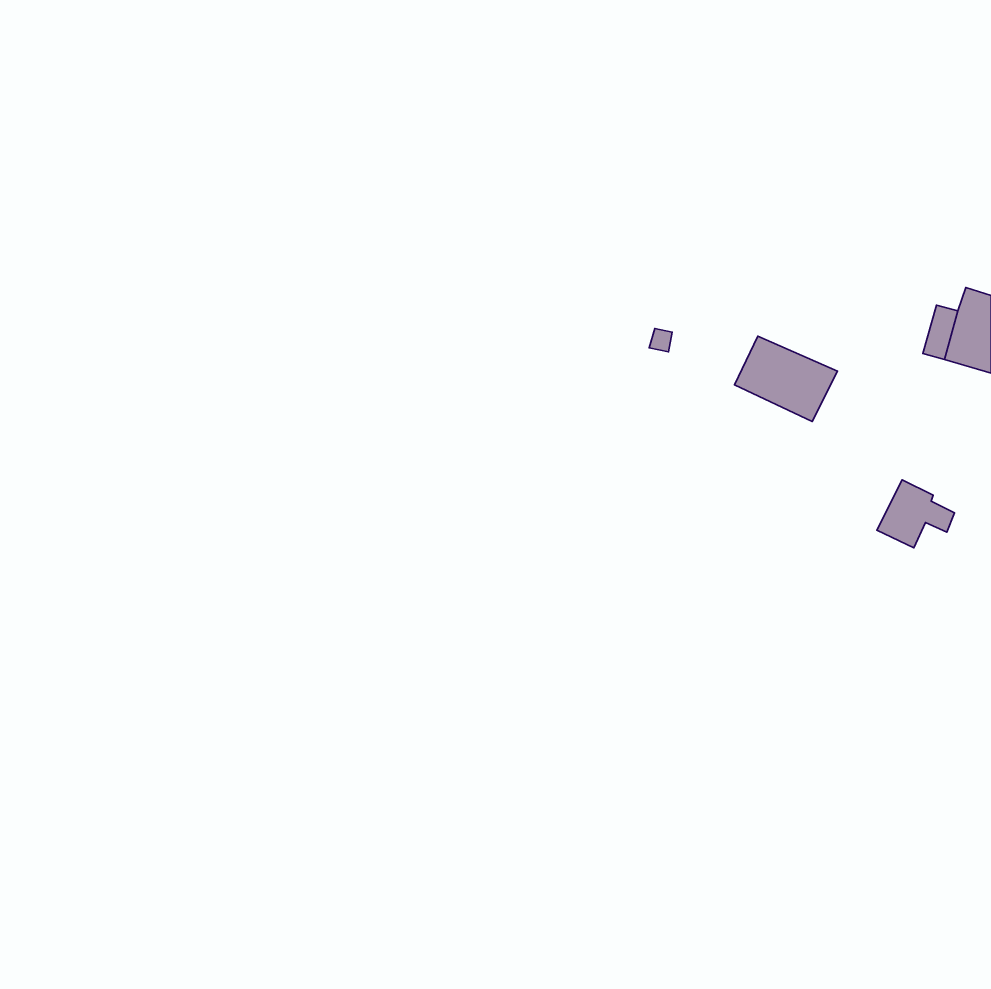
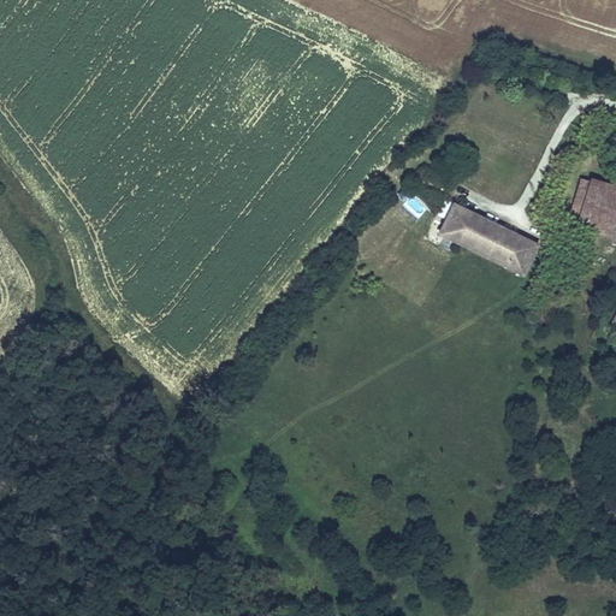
building: none -> [438,202,469,241]
building: [877,480,955,548] -> [503,232,551,274]

